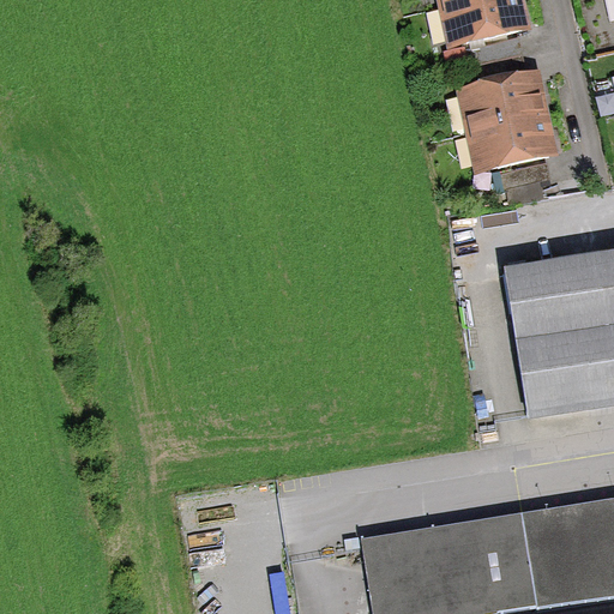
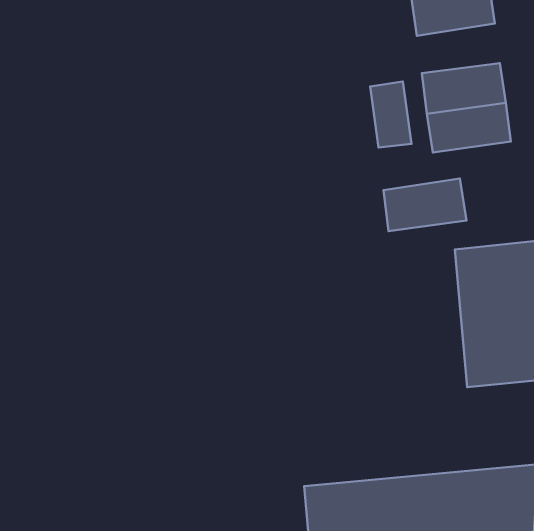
building: none -> [370,82,411,148]
building: none -> [383,179,467,231]

